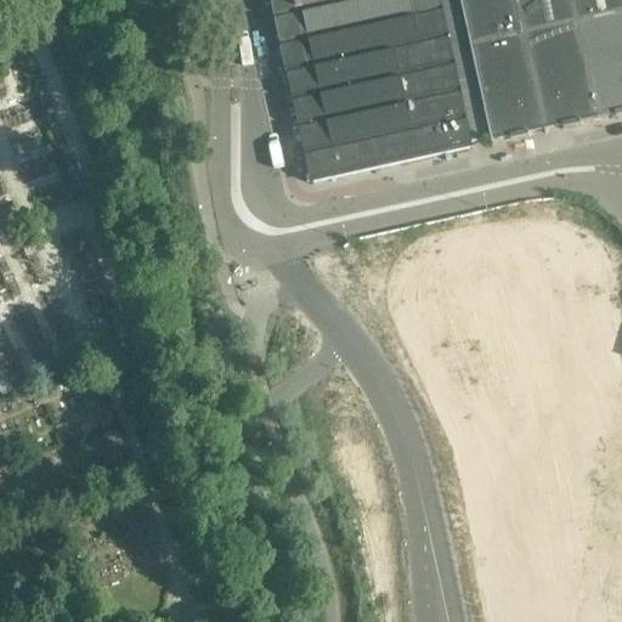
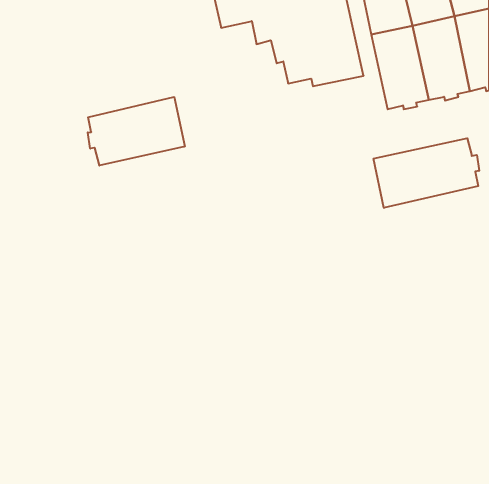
building: [281,27,471,177] -> none
building: none -> [88,97,185,166]
building: none -> [374,138,479,208]

